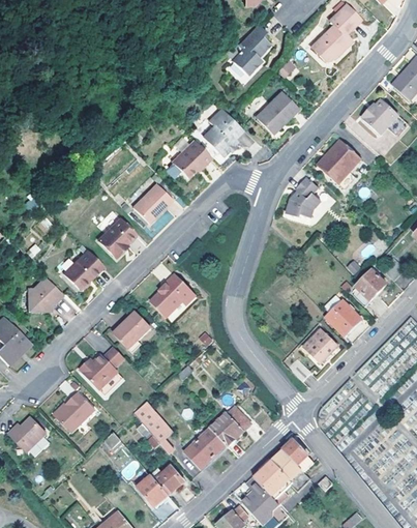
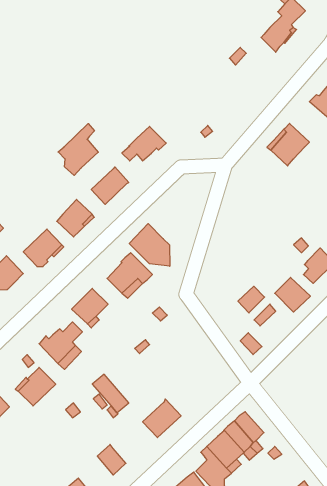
building: [228,27,266,75] -> none
building: [256,91,299,133] -> none
building: [204,108,242,154] -> none
building: none -> [58,124,98,175]
building: [287,176,322,215] -> none
building: none -> [129,224,170,266]
building: [309,334,337,362] -> [238,286,265,313]
building: [210,406,252,445] -> none
building: [155,465,184,494] -> none

